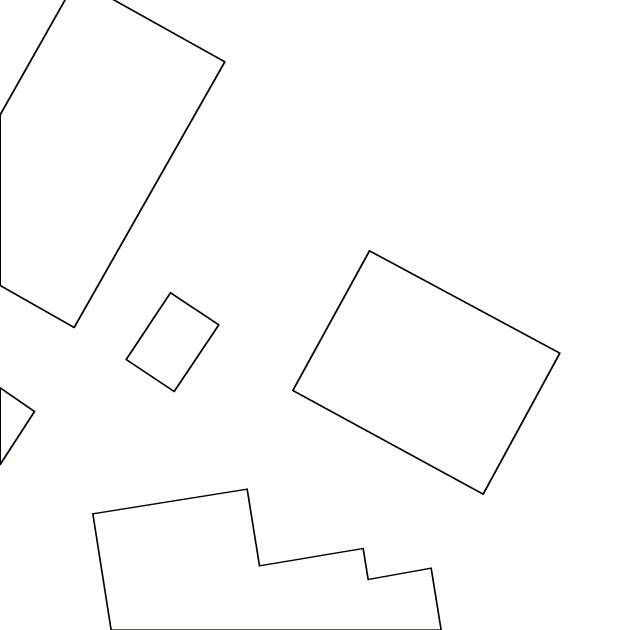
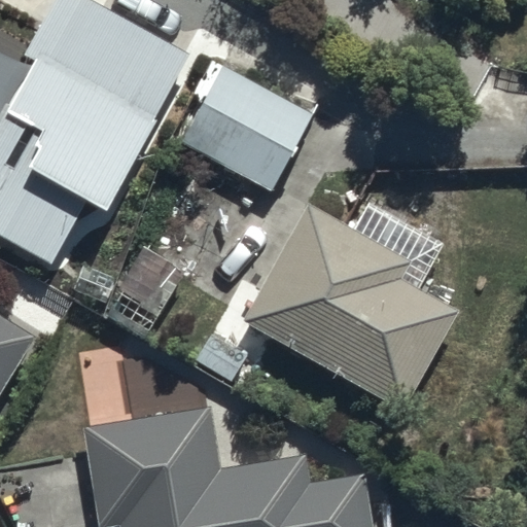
building: none -> [183,67,314,190]

